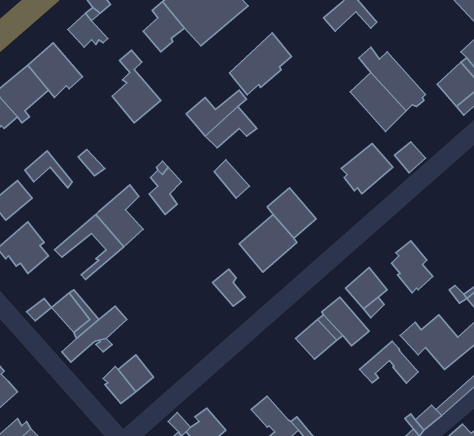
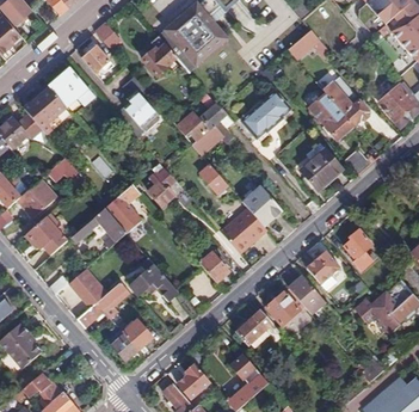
building: [229,33,291,95] -> [242,90,292,140]
building: none -> [131,258,178,303]
building: [360,341,418,383] -> none
building: none -> [236,312,277,348]

